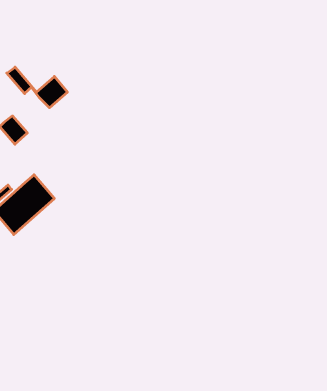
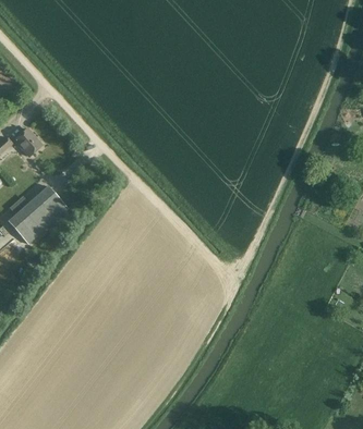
building: [7,67,67,108] -> none

